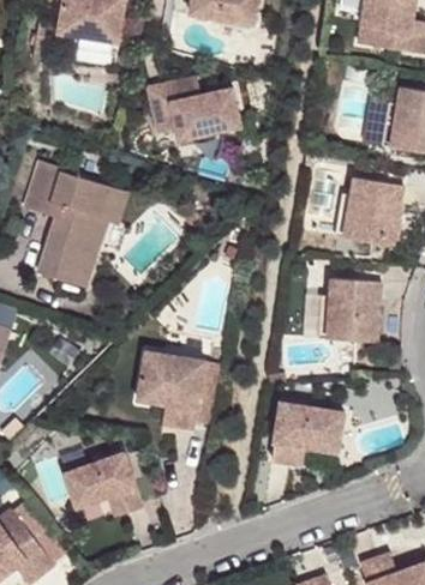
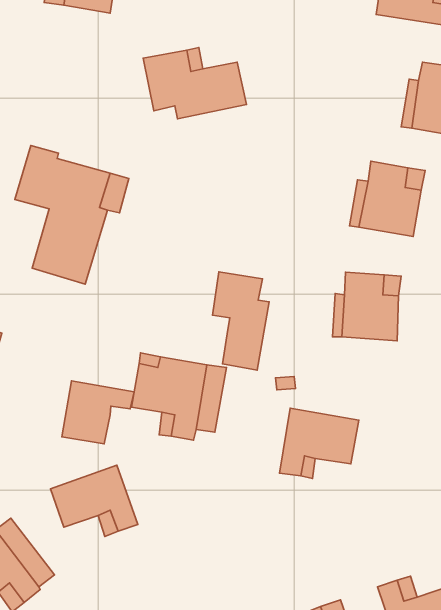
building: none -> [213,272,269,370]
building: none -> [62,381,134,444]

